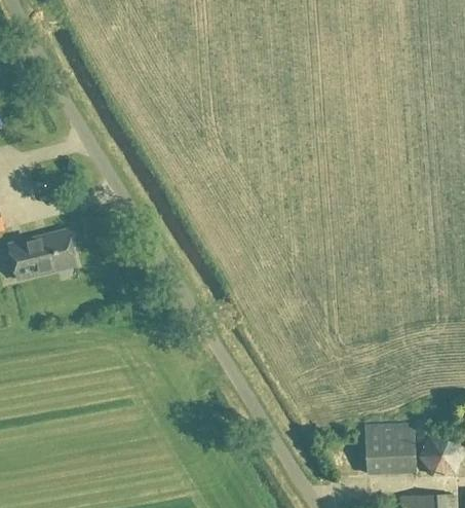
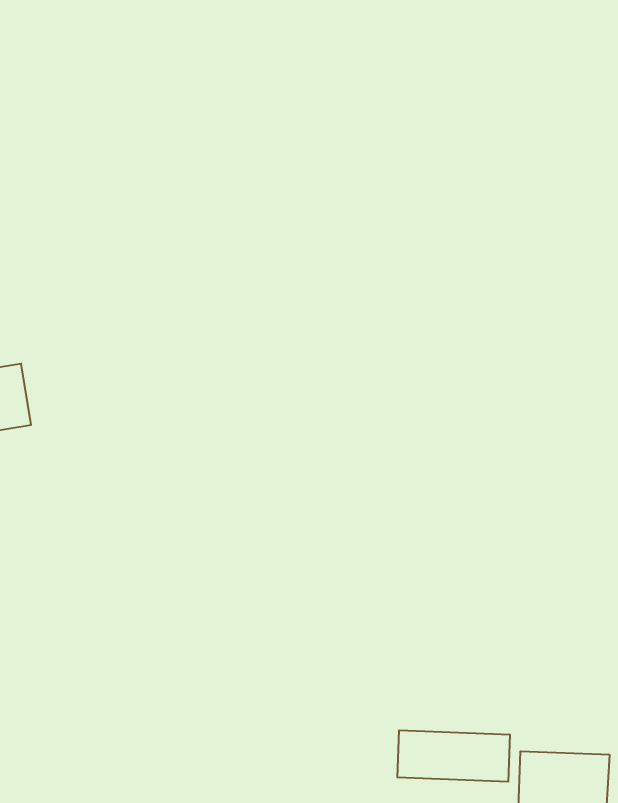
building: none -> [397,730,510,782]

